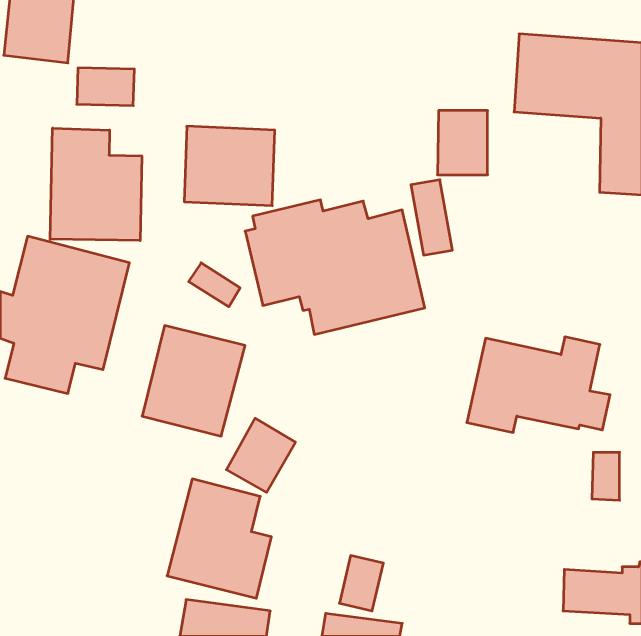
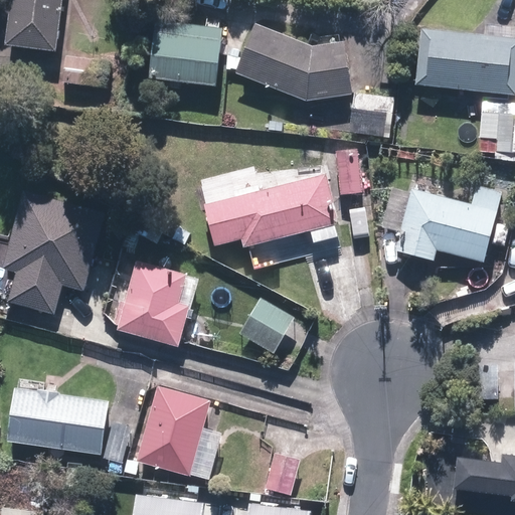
building: none -> [232,21,349,103]
building: [184,126,275,206] -> [149,23,221,87]
building: [50,128,142,241] -> none
building: [467,337,610,432] -> [394,188,509,265]
building: [226,418,295,492] -> [240,293,296,352]
building: none -> [5,387,108,455]

